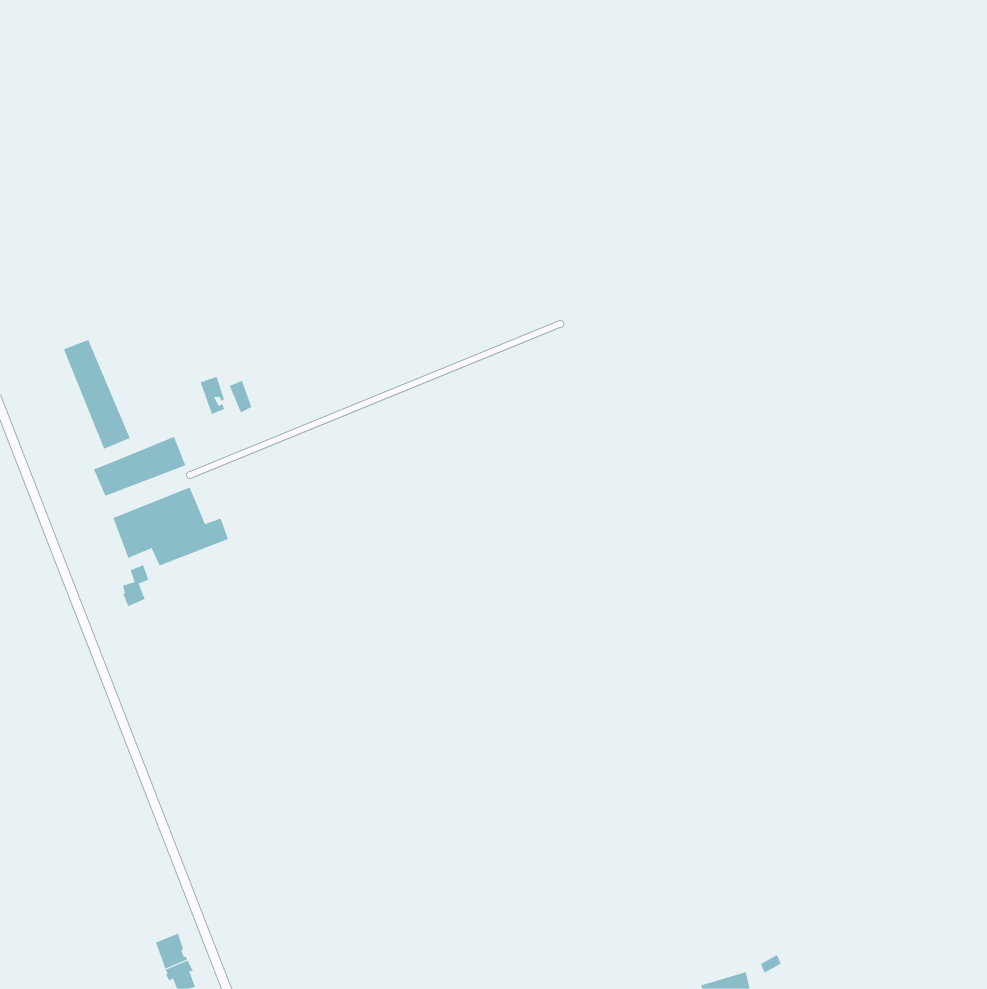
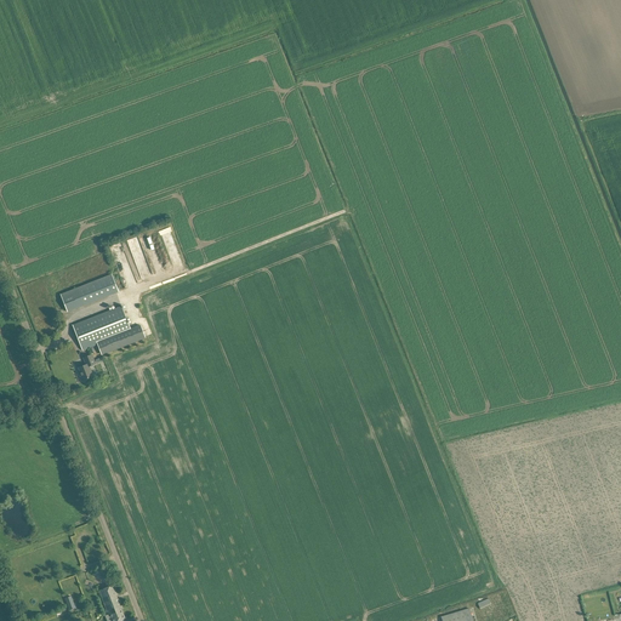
building: [63,339,131,449] -> none

